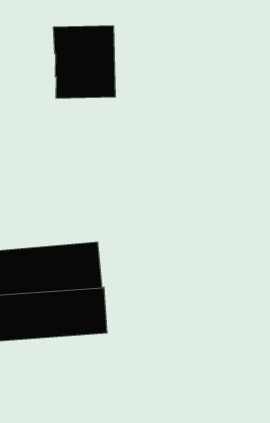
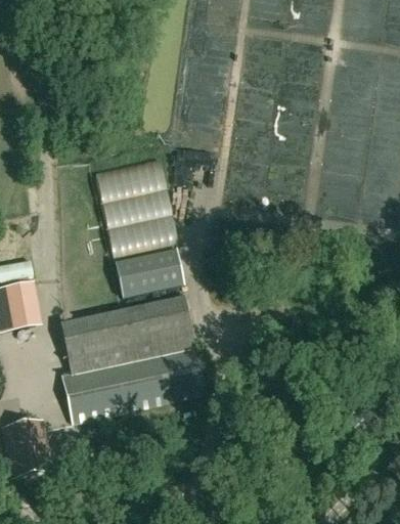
building: [53,26,115,98] -> [102,166,180,253]
building: none -> [114,248,182,297]

